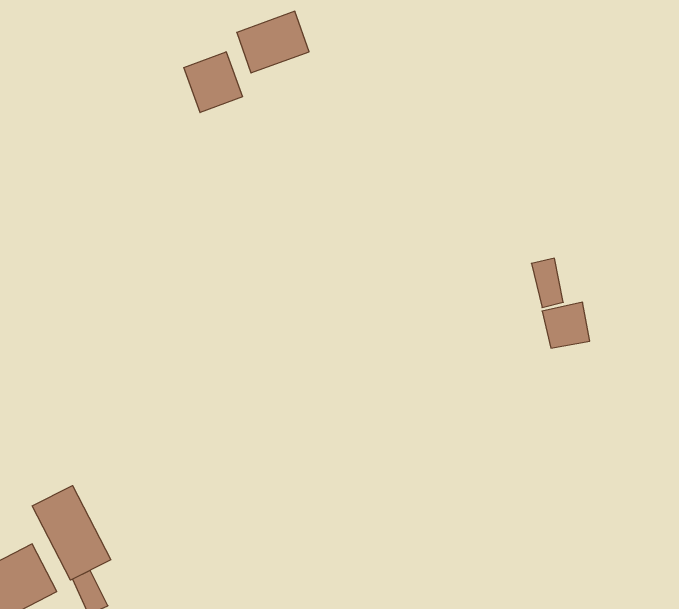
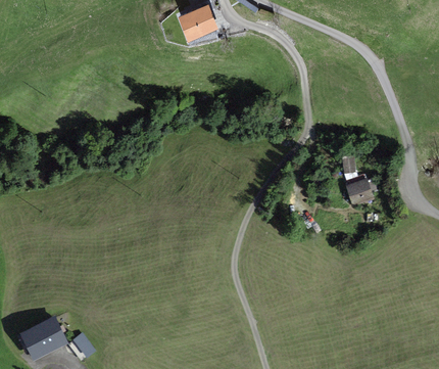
building: [184,52,242,113] -> none
building: [32,486,111,580] -> none

